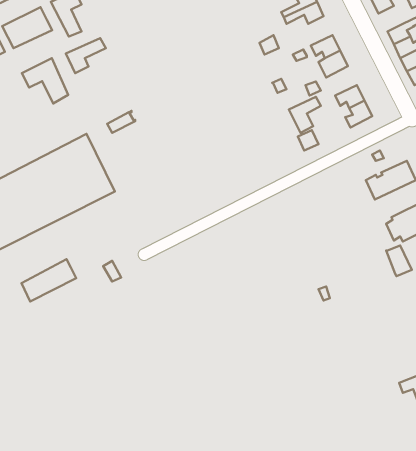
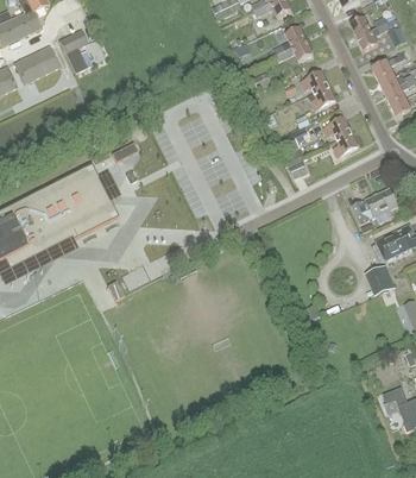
building: [66,38,106,73] -> none
building: [22,58,68,103] -> none
building: [21,259,76,302] -> none

